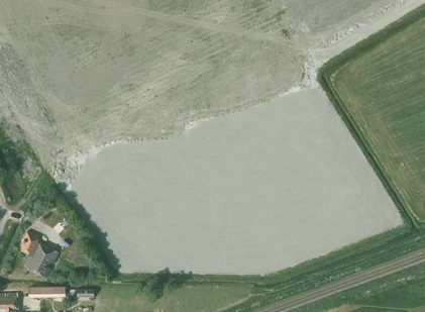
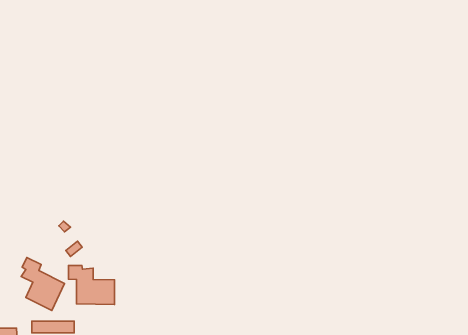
building: none -> [69,266,115,304]

